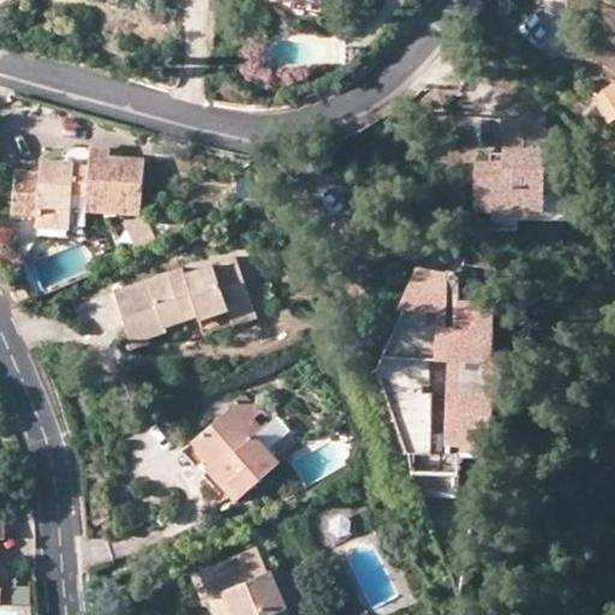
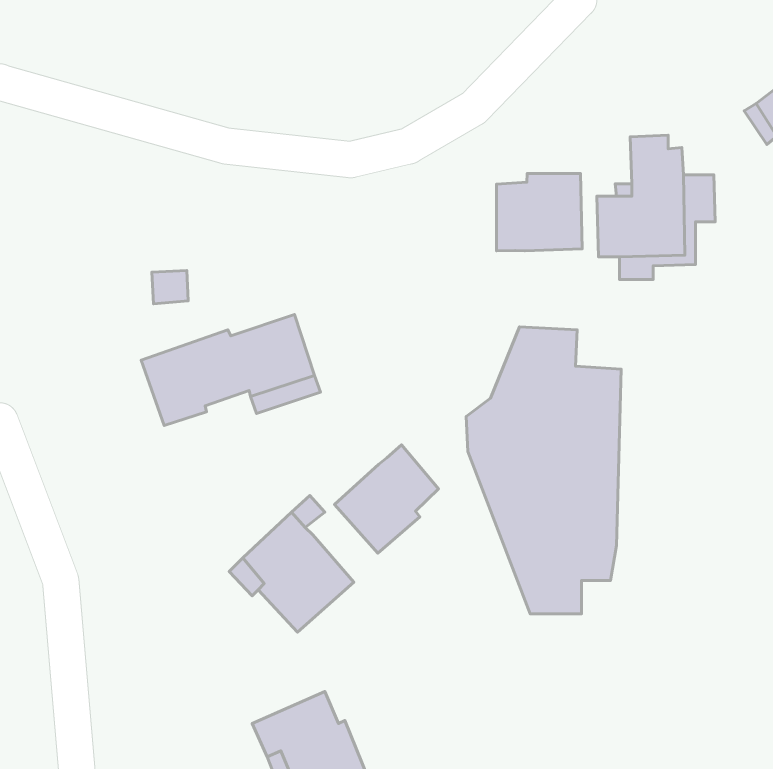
building: none -> [496,173,582,251]
building: [11,147,142,229] -> none
building: none -> [335,445,438,553]

